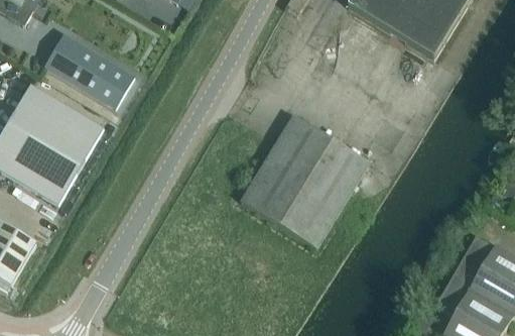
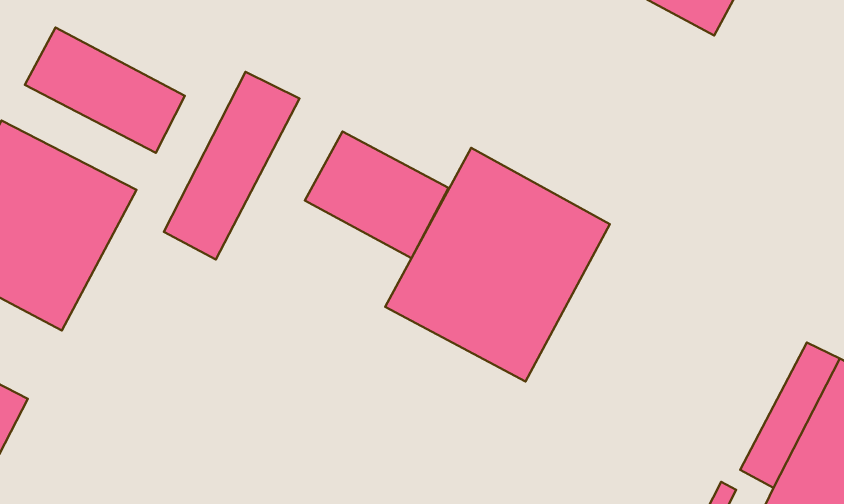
building: none -> [164,72,299,260]
building: none -> [305,132,449,258]

